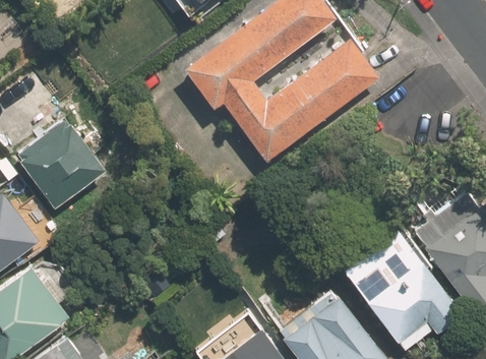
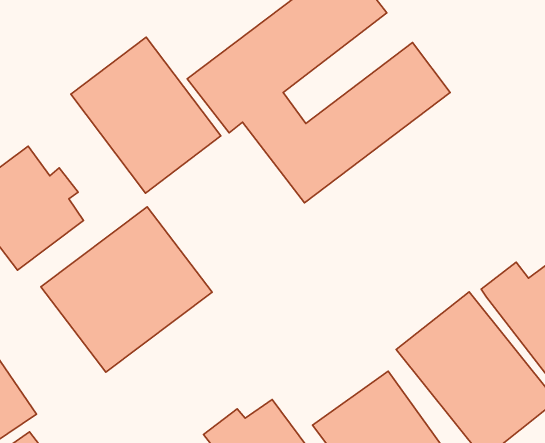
building: none -> [71,37,221,193]
building: none -> [41,207,212,372]

